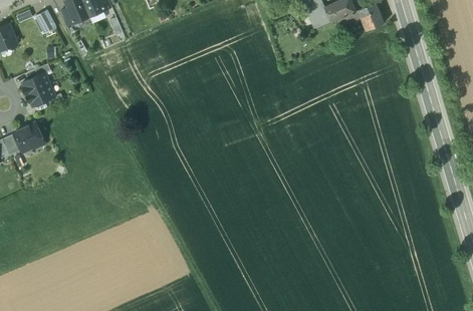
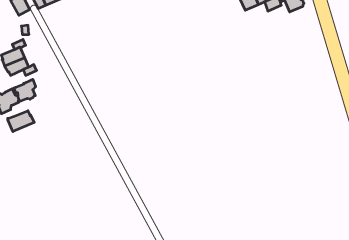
building: none -> [14,79,36,101]
building: none -> [8,111,34,132]

